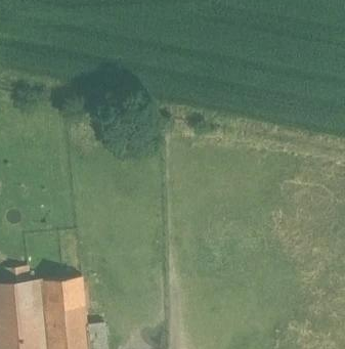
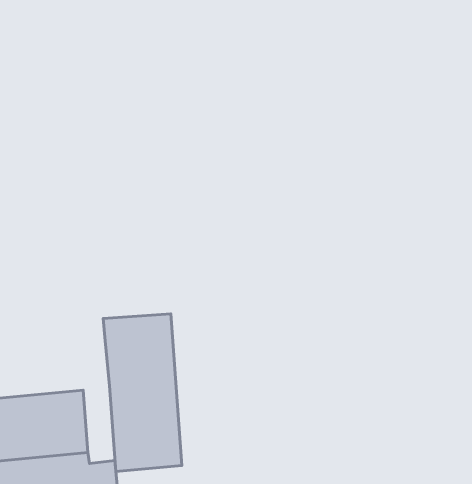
building: none -> [103,314,182,471]

